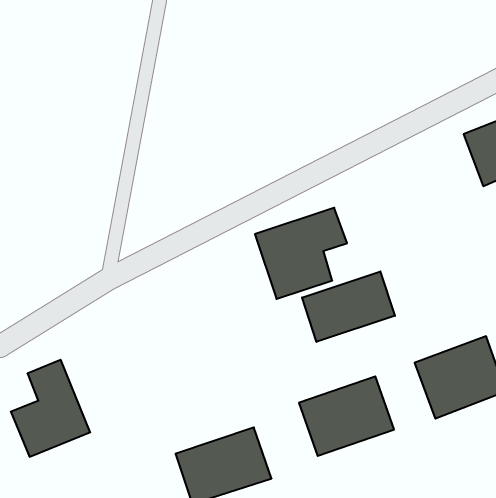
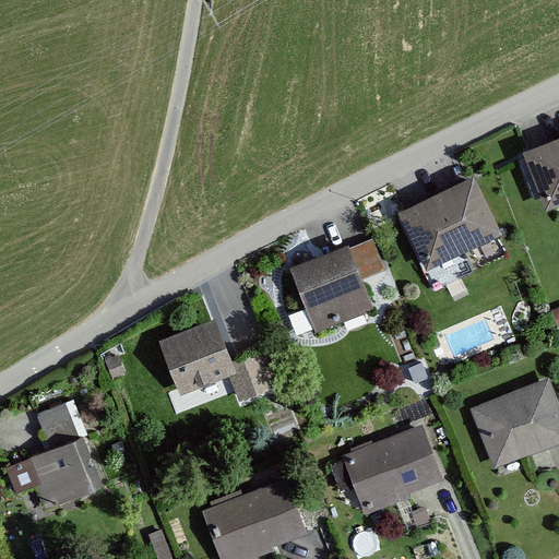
building: none -> [397,177,500,265]
building: [302,271,395,342] -> none
building: none -> [162,321,280,406]

